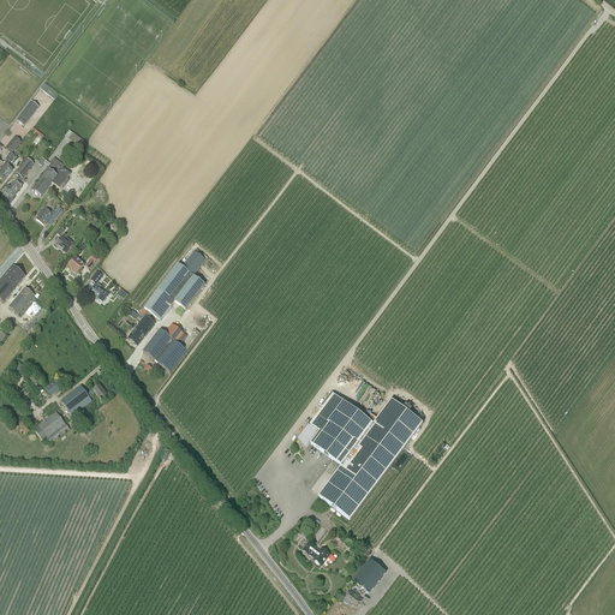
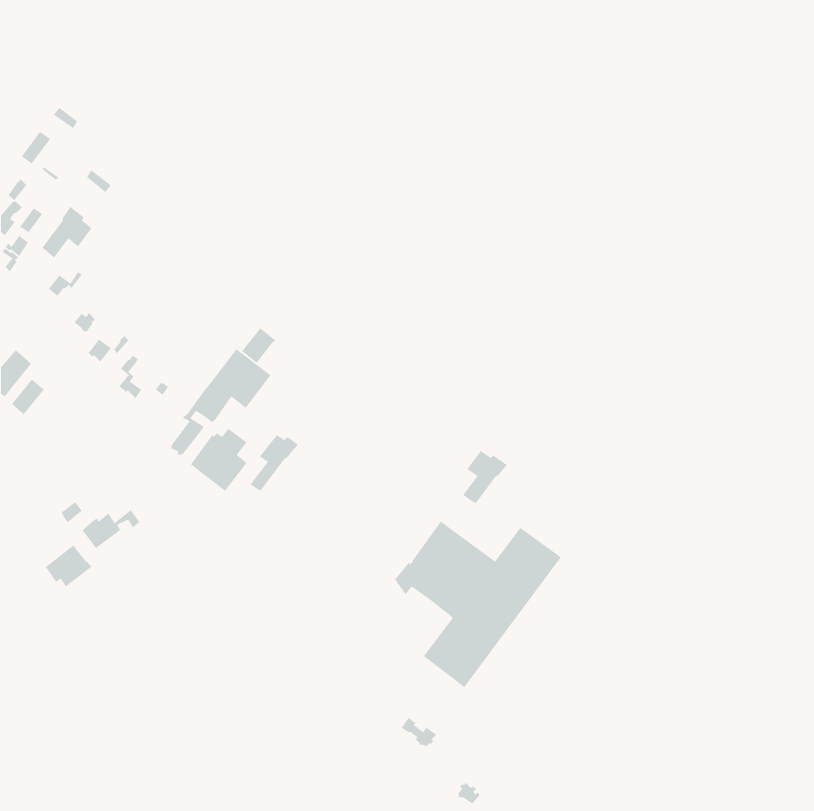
building: none -> [249,434,299,491]
building: none -> [462,450,508,504]
building: [356,557,387,590] -> none

